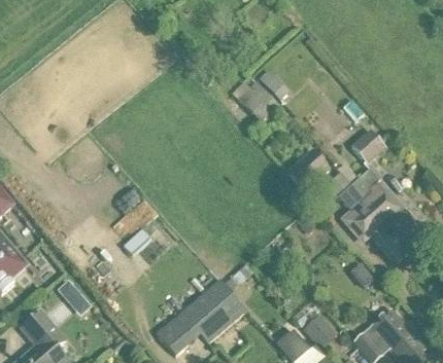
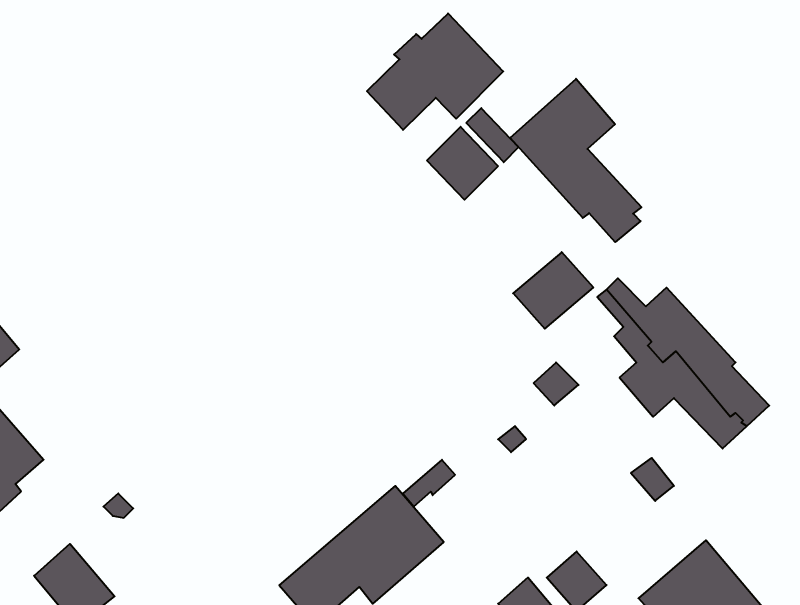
building: none -> [367,13,503,130]
building: none -> [510,79,641,242]
building: [351,130,386,165] -> none

